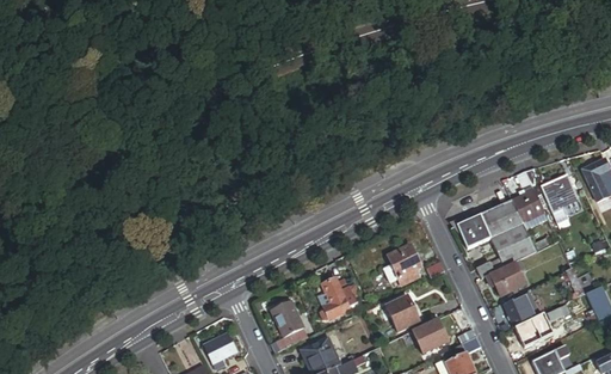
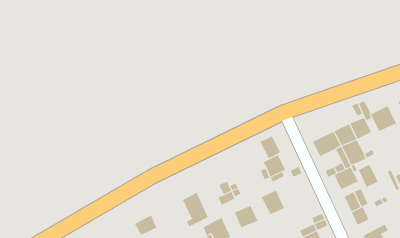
building: none -> [259,135,281,159]
building: none -> [358,164,379,188]
building: [413,319,448,352] -> [234,205,258,228]

